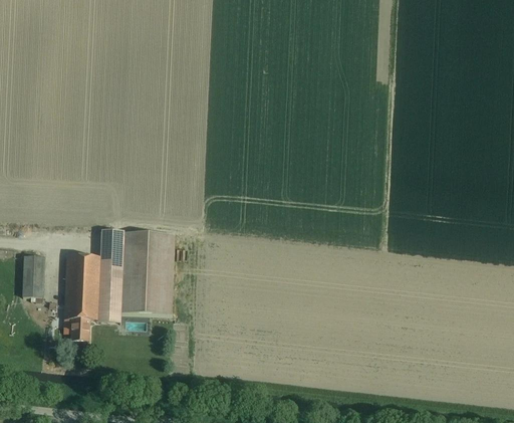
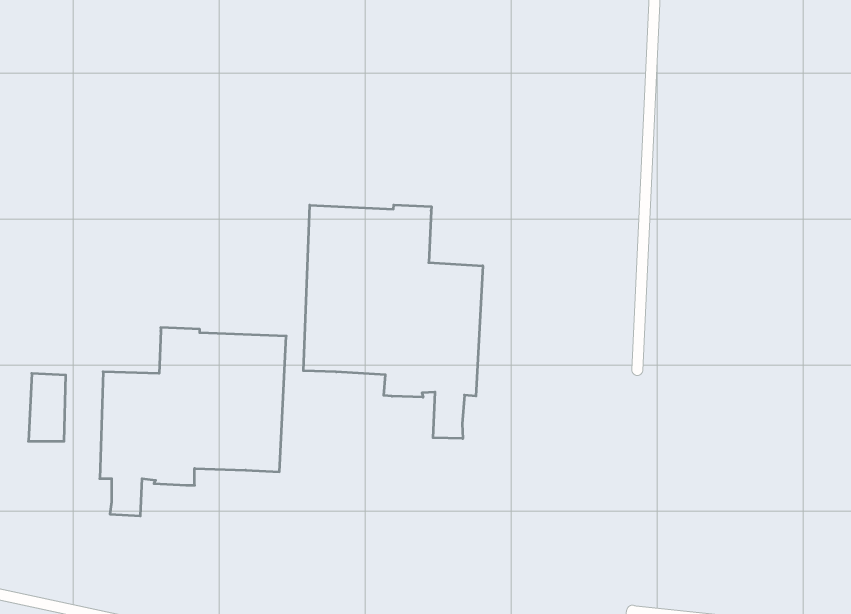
building: none -> [303,205,483,439]

